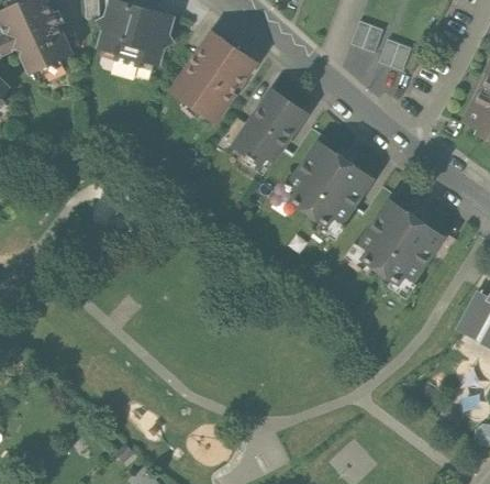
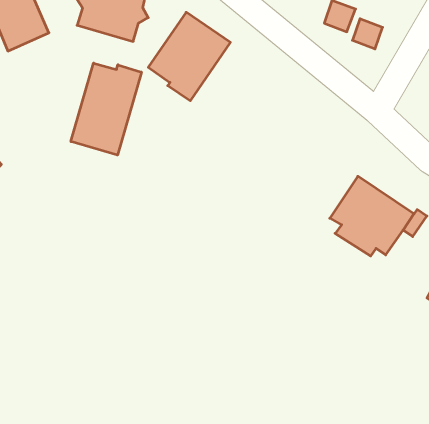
building: none -> [71,63,141,155]
building: [233,87,305,162] -> none
building: [287,142,371,224] -> none

